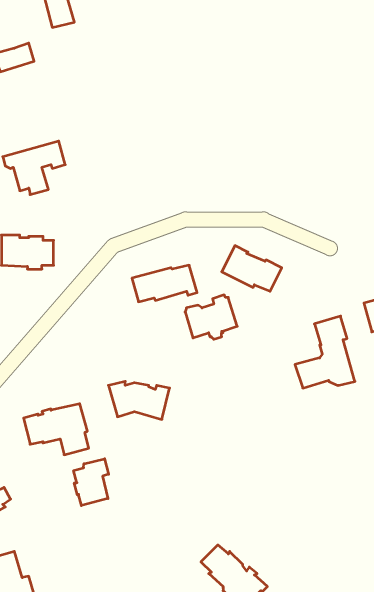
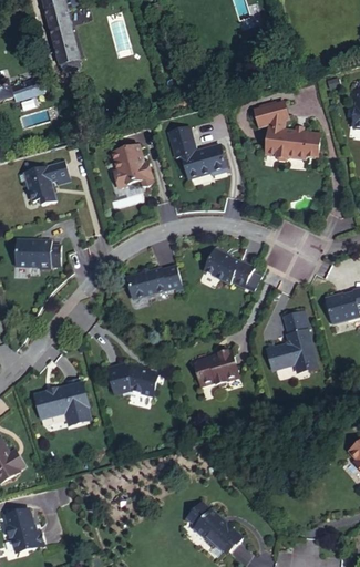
building: none -> [254,102,320,162]
building: none -> [168,127,227,178]
building: none -> [112,144,153,186]
building: [185,295,237,339] -> [194,351,238,389]
building: [74,459,109,506] -> none

